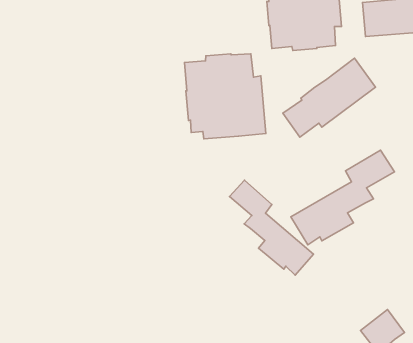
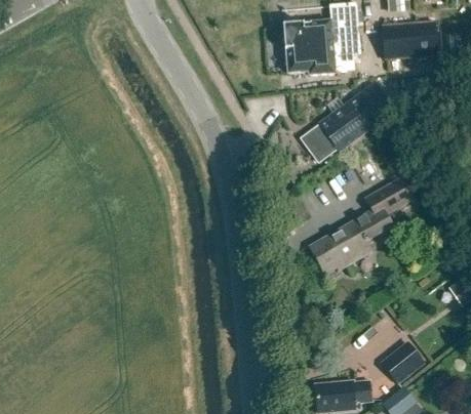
building: [184,54,266,139] -> none
building: [230,180,313,275] -> none

